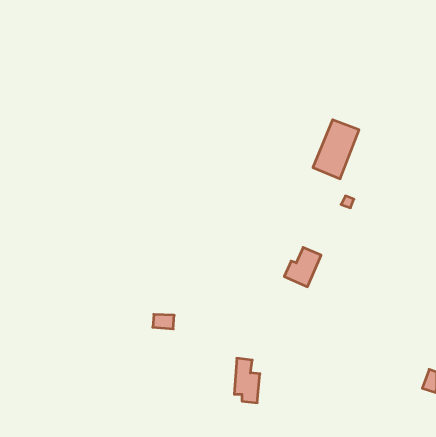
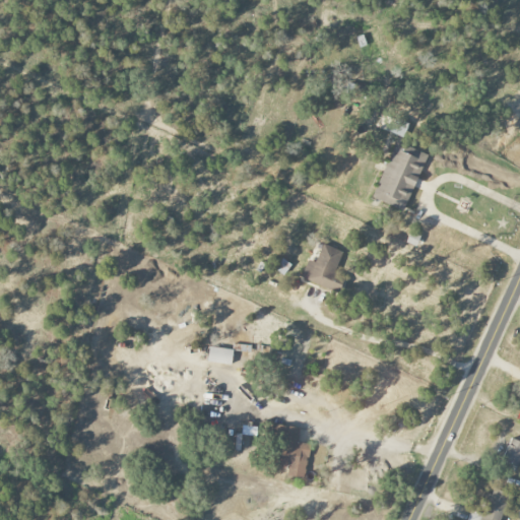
building: [284,247,321,287] -> [302,244,345,290]
building: [153,314,174,329] -> [208,347,234,365]

